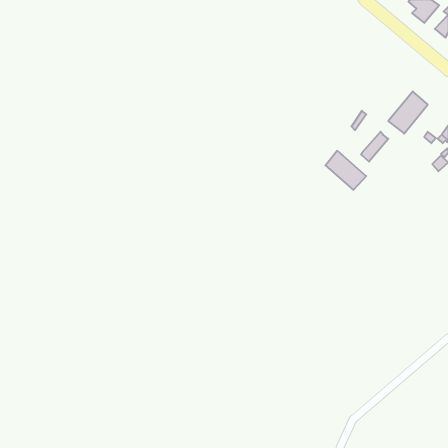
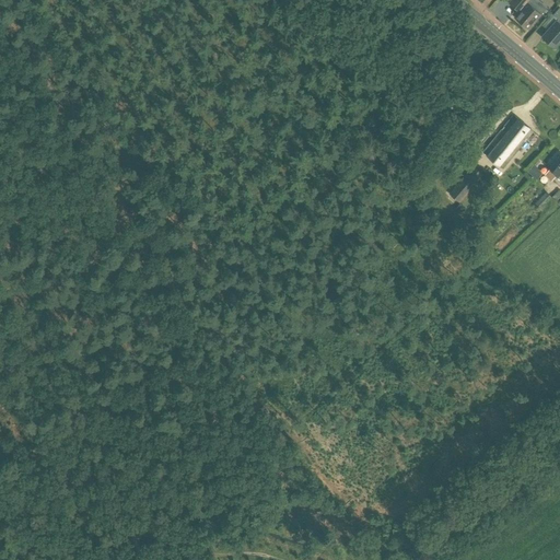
building: [325,151,366,190] -> none

